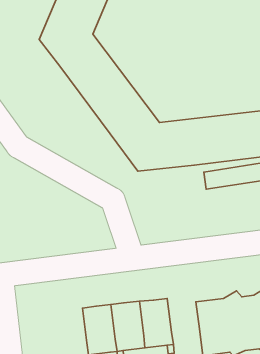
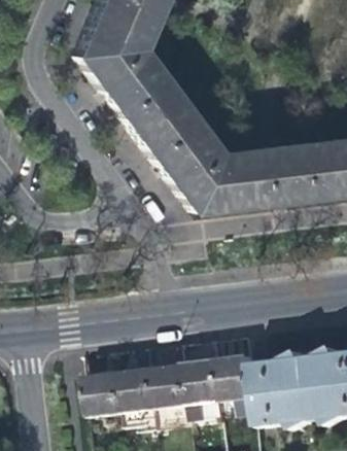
building: none -> [230,357,268,402]
building: none -> [94,373,134,418]

